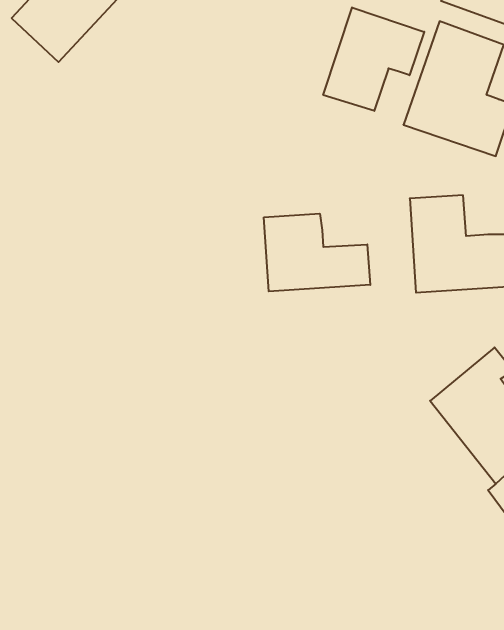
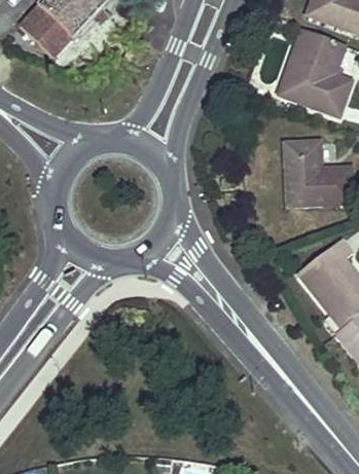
building: [323,7,424,111] -> none
building: [264,214,370,291] -> none

